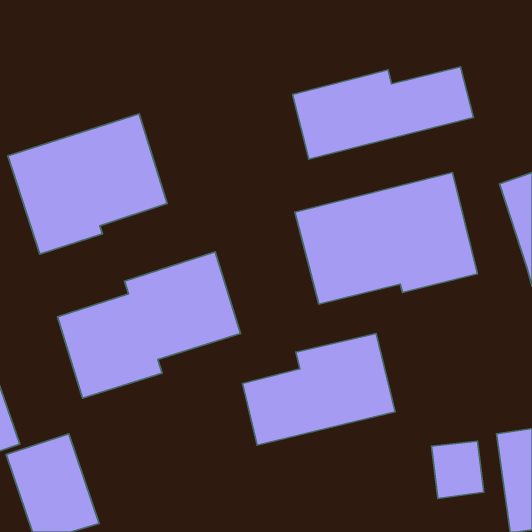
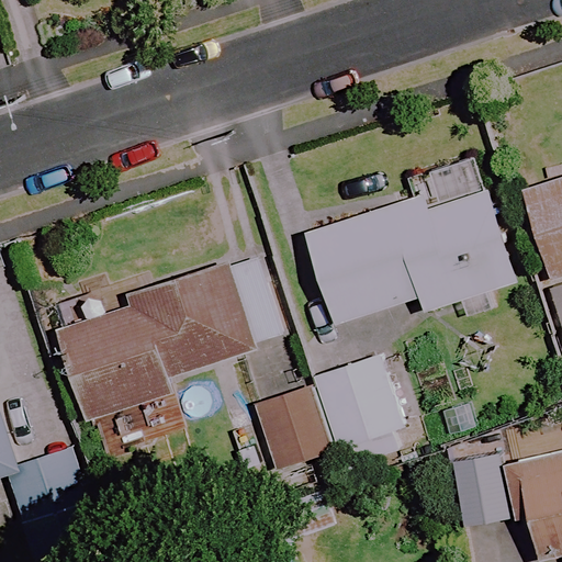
building: [292,67,474,159] -> none
building: [8,114,167,254] -> none

